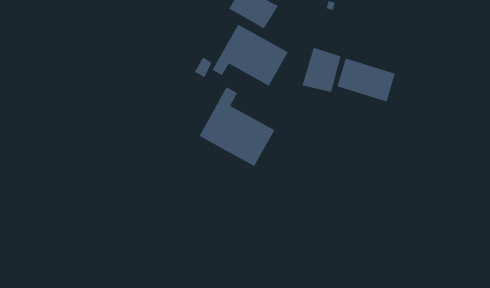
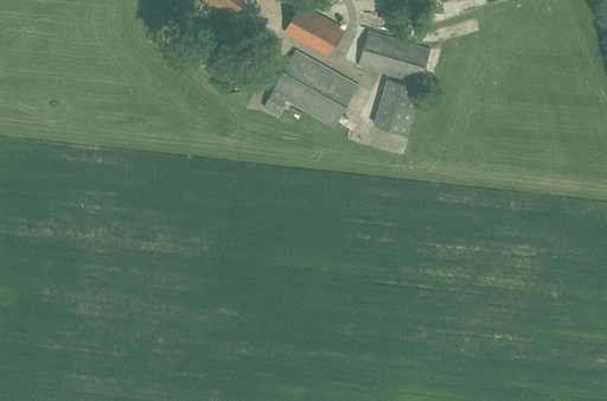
building: [336,58,396,102] -> [357,30,429,84]
building: [199,86,275,167] -> none

